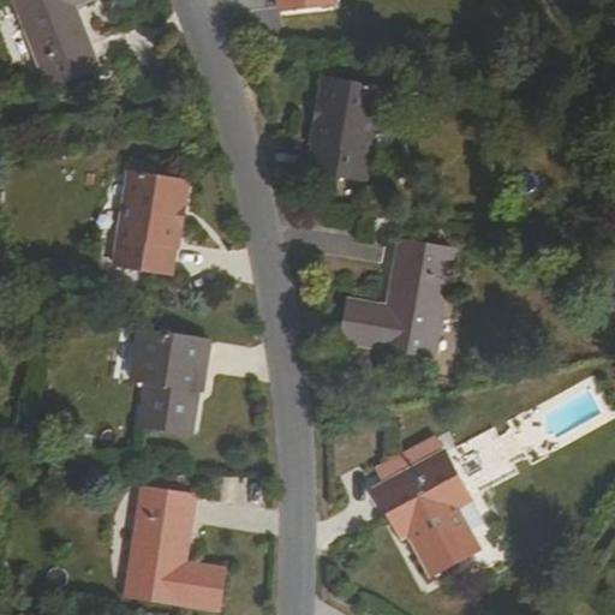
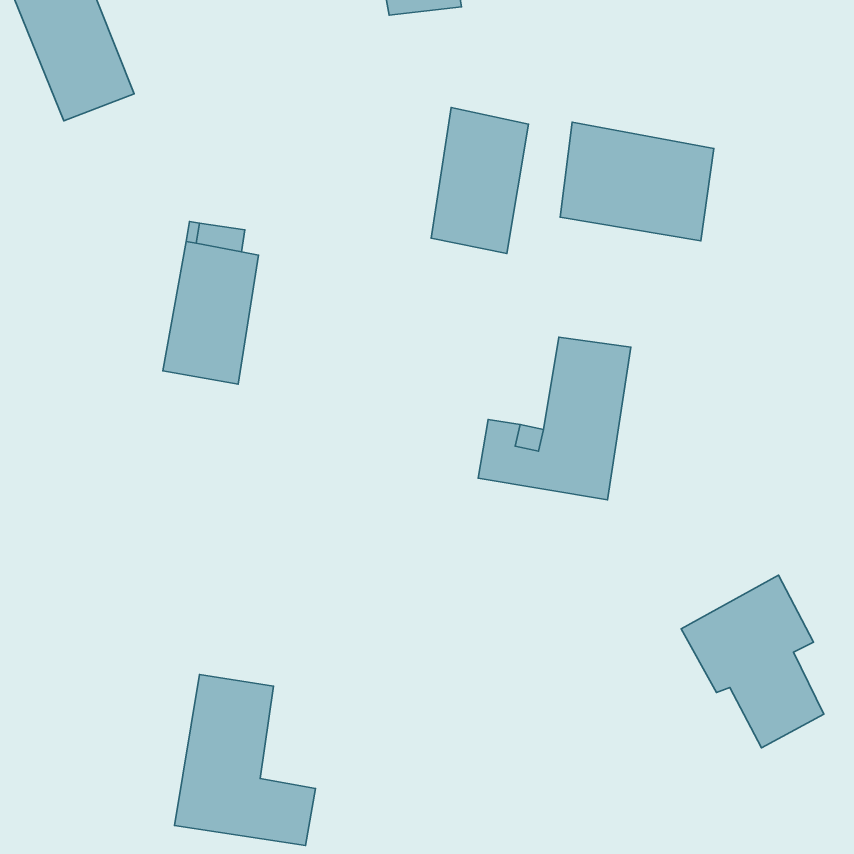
building: none -> [560,122,714,241]
building: [127,332,208,434] -> none
building: [374,450,476,574] -> [681,575,824,748]

